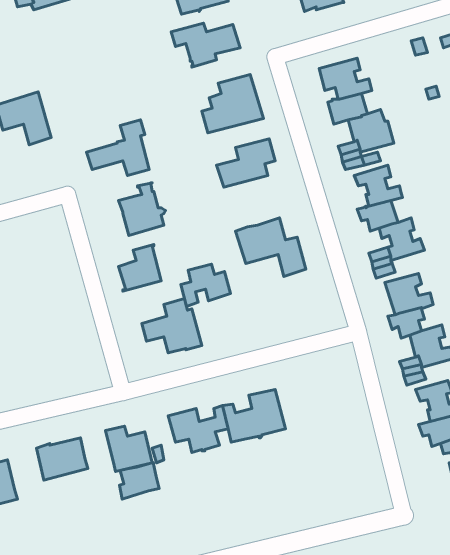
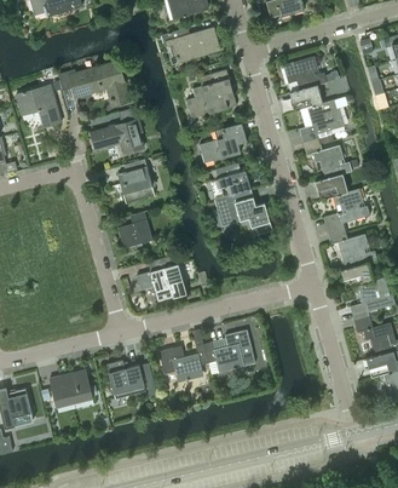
building: none -> [58,62,129,105]
building: [181,264,230,307] -> [209,163,250,199]
building: [119,462,159,499] -> none

